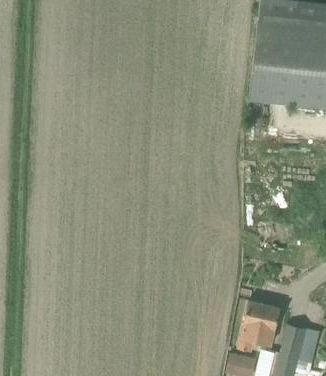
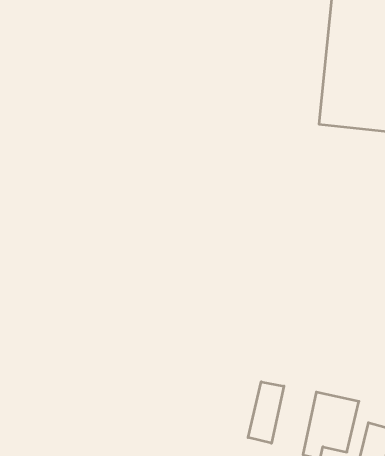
building: none -> [248,382,284,443]

